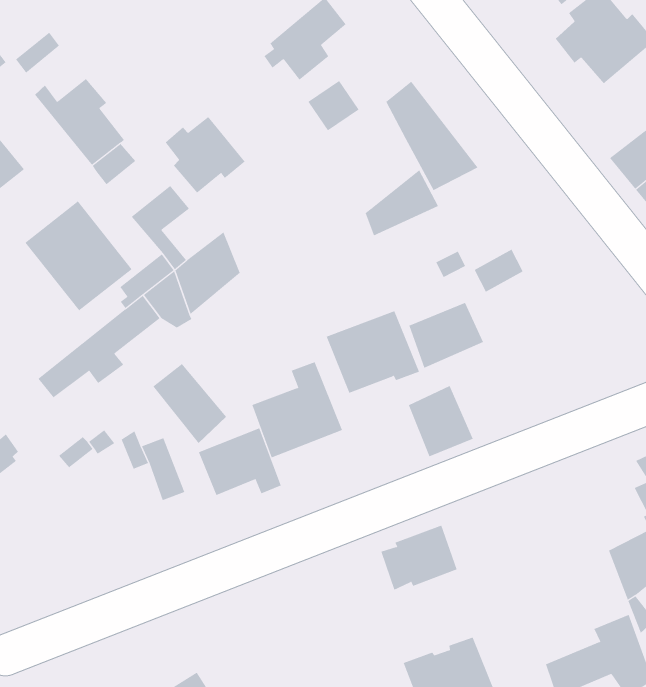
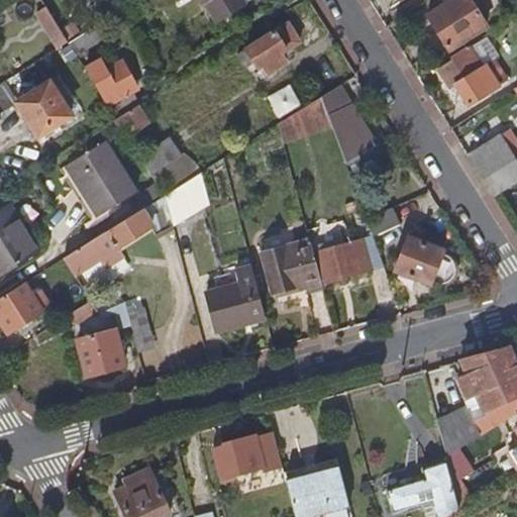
building: [165,116,246,193] -> none
building: [365,169,439,236] -> [280,99,330,140]
building: none -> [397,236,451,282]
building: [152,363,227,444] -> none
building: [408,385,474,457] -> none
building: [198,428,282,496] -> none
building: none -> [79,329,124,376]
building: [380,525,457,590] -> [216,436,267,477]

